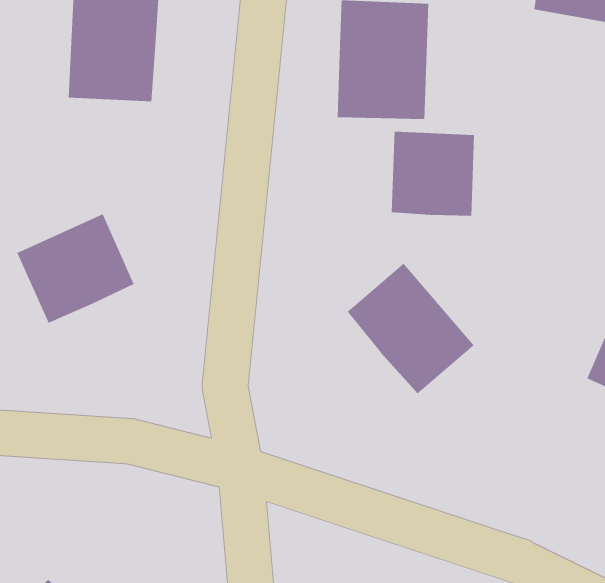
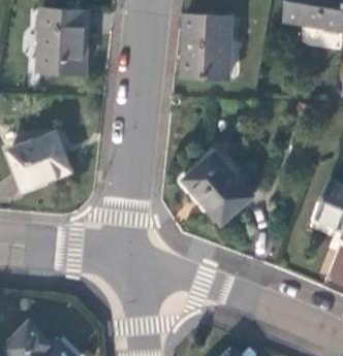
building: [391,131,475,217] -> none

